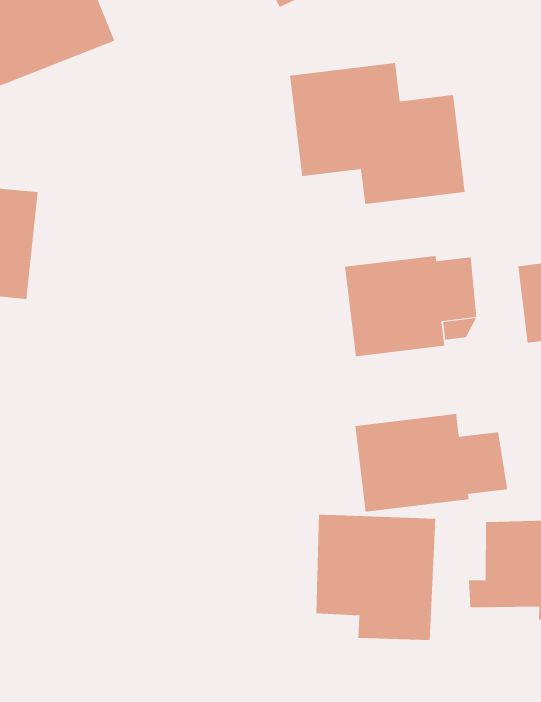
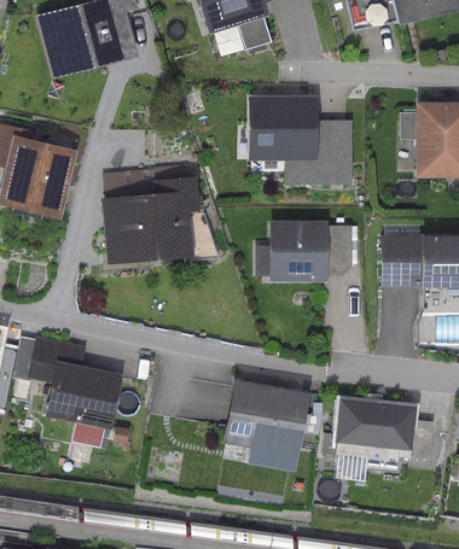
building: none -> [100,164,217,265]
building: [355,413,508,513] -> none
building: none -> [28,335,122,431]

